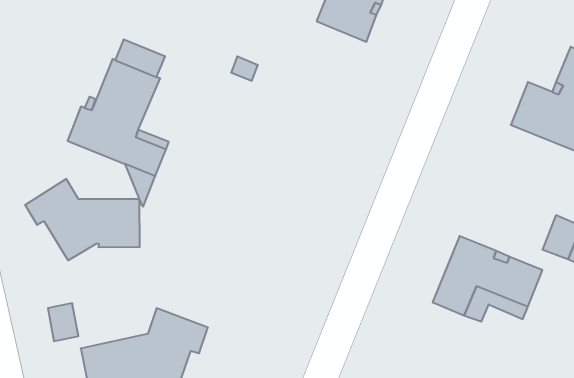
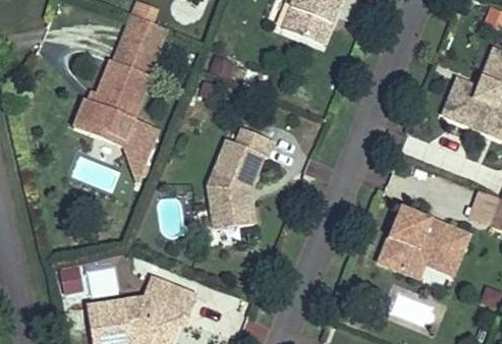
building: none -> [120,14,166,57]
building: none -> [208,127,274,229]
building: [25,179,140,260] -> none

